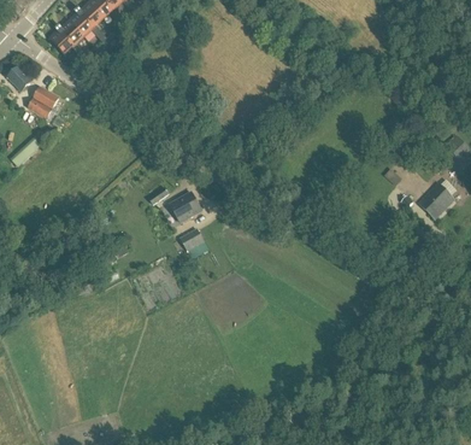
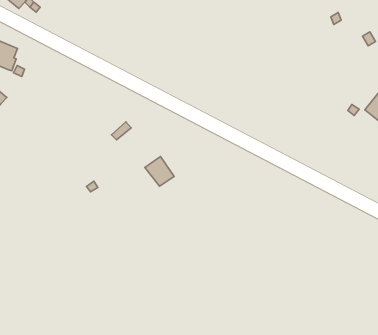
building: [170,191,201,222] -> none

